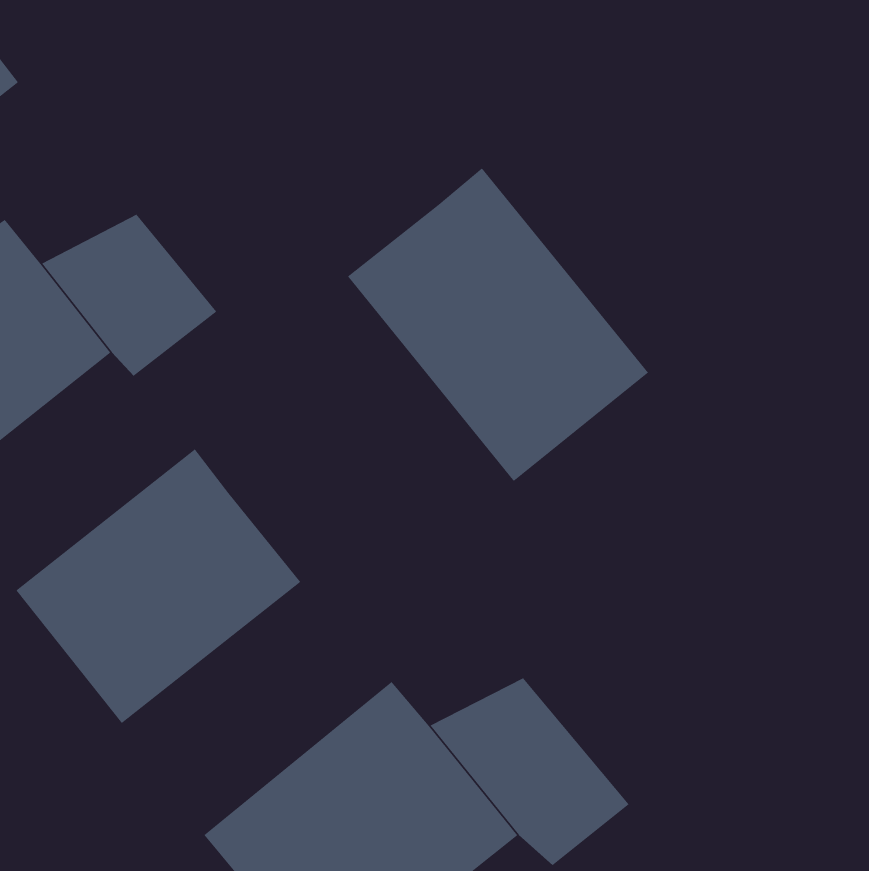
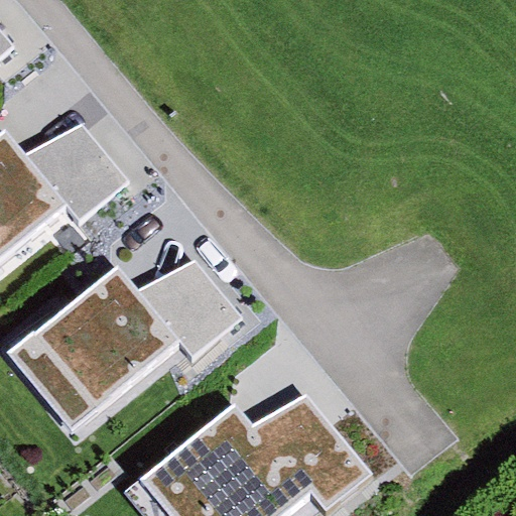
building: [347,167,649,482] -> none
building: none -> [135,263,239,359]

